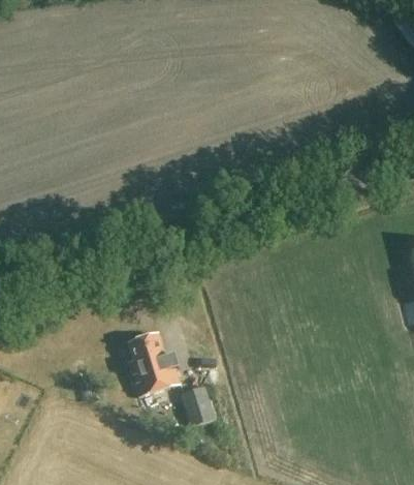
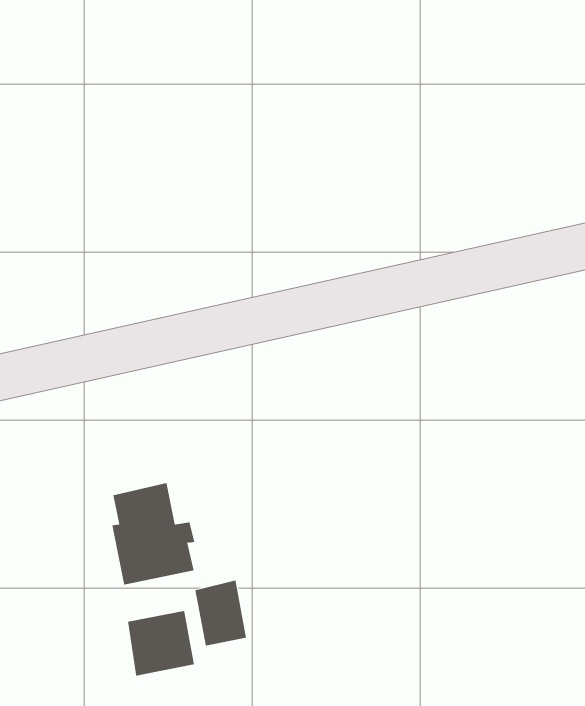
building: none -> [128,610,194,677]

